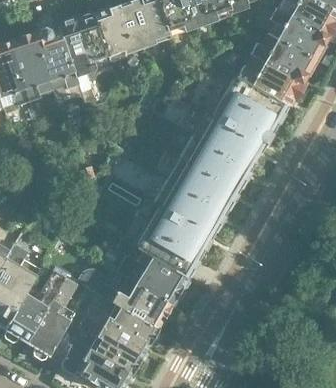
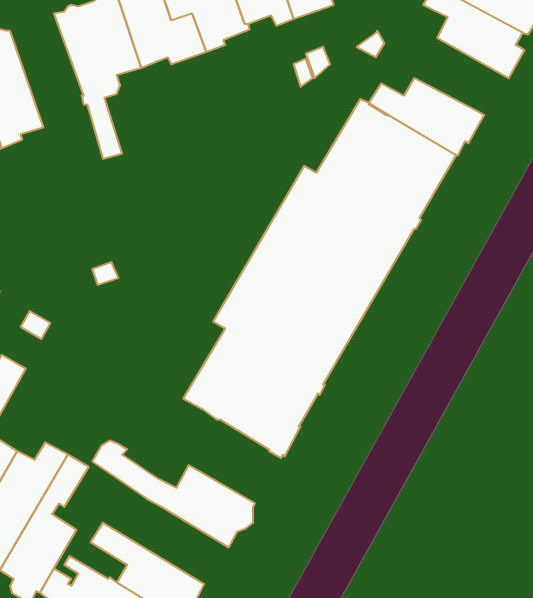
building: [33,27,79,90] -> none
building: [250,34,318,82] -> none
building: [116,239,188,305] -> none
building: [86,304,162,351] -> none

